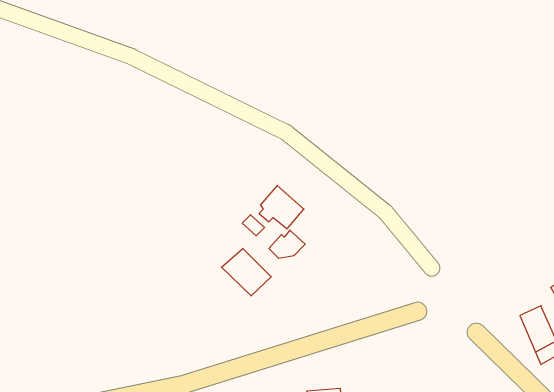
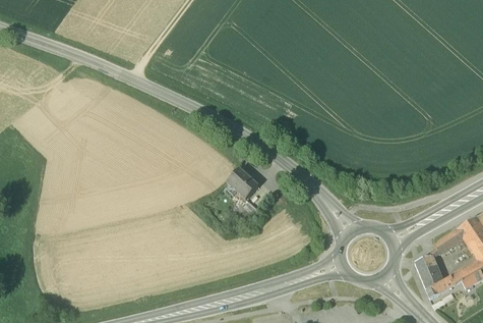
building: [221,248,271,296] -> none

